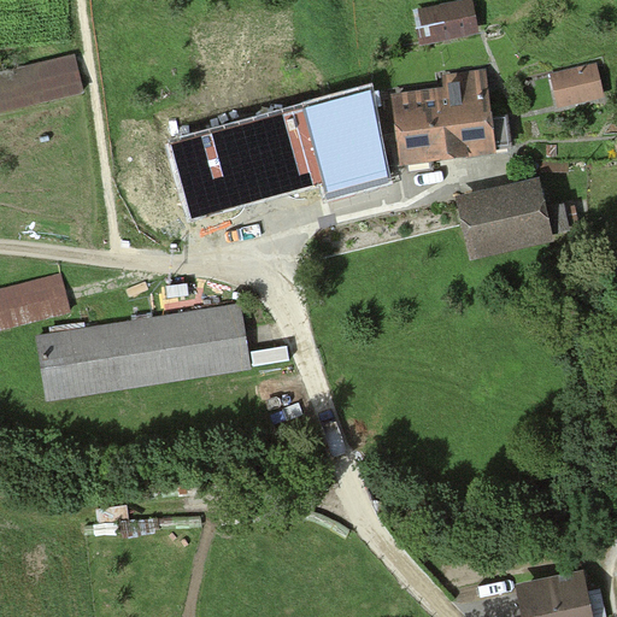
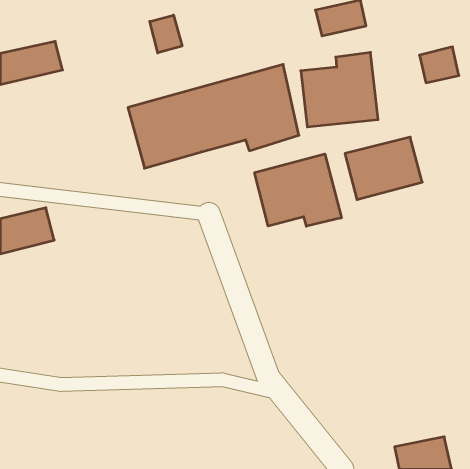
building: none -> [150,15,182,53]
building: none -> [255,154,341,226]
building: [35,301,252,399] -> none

